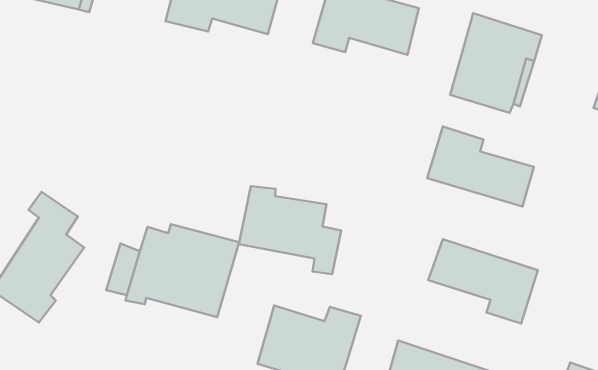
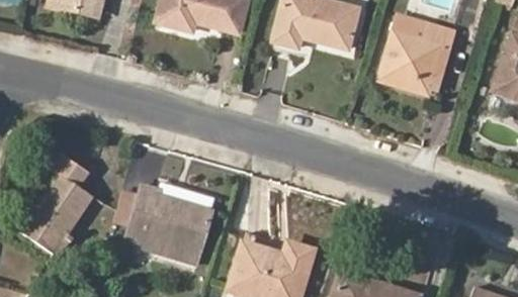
building: [427,127,534,207] -> none
building: [239,186,341,274] -> none
building: [428,239,538,324] -> none

